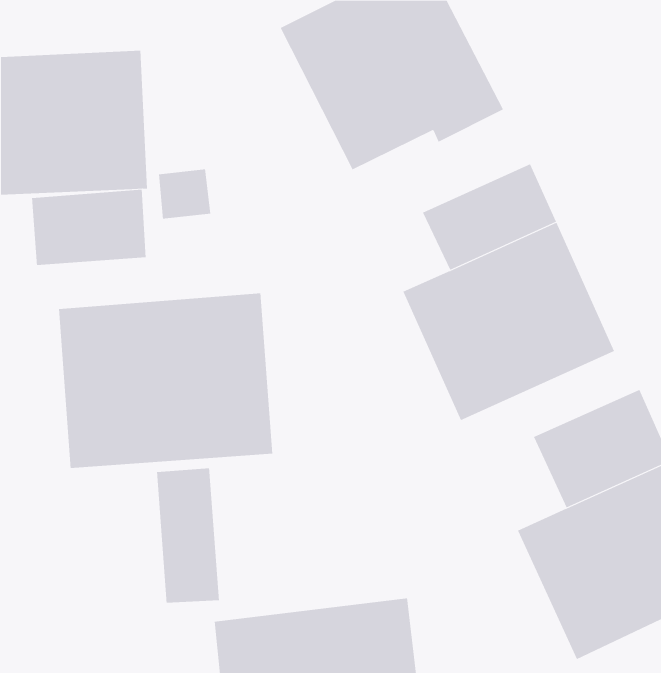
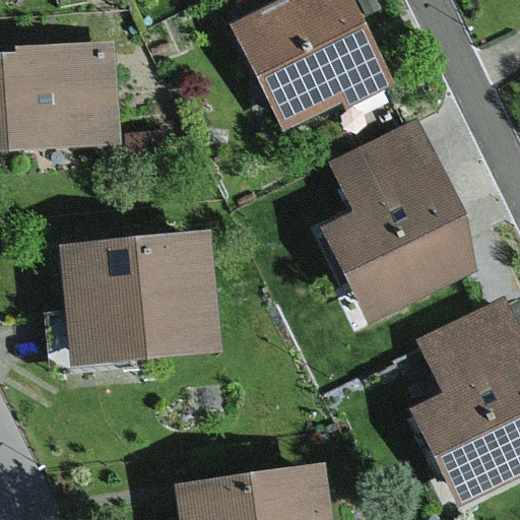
building: [31,189,146,266] -> none
building: [157,468,220,603] -> none

